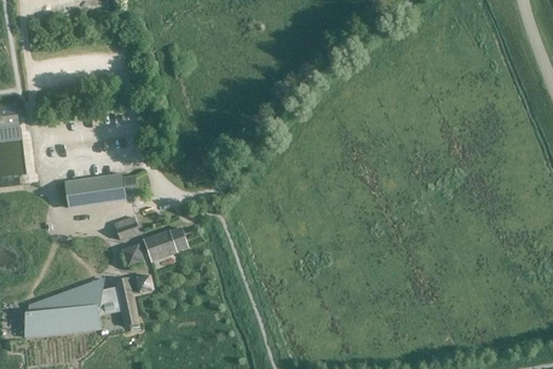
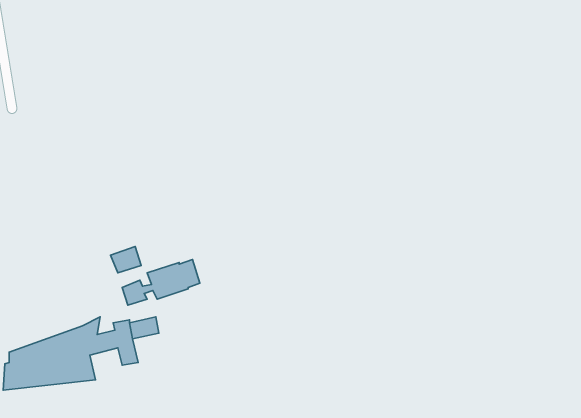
building: [64,174,137,207] -> none

